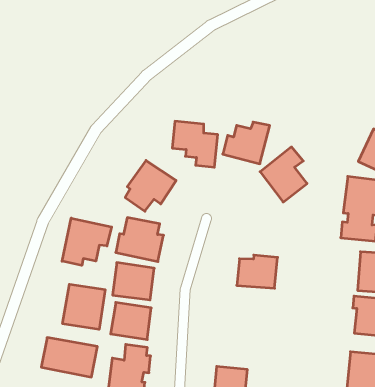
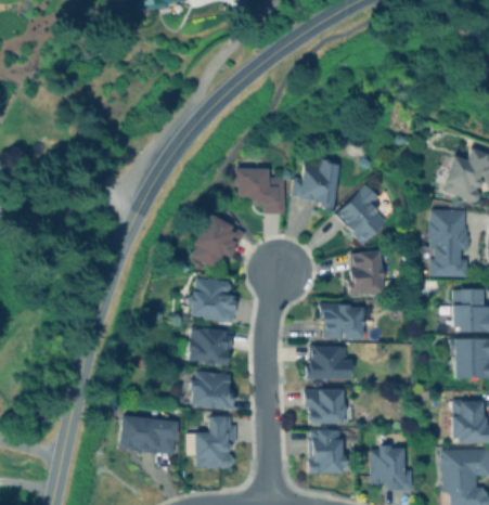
building: none -> [349,250,384,295]
building: [62,218,112,265] -> none
building: [63,284,105,329] -> none
building: none -> [305,345,349,379]
building: none -> [307,389,344,424]

